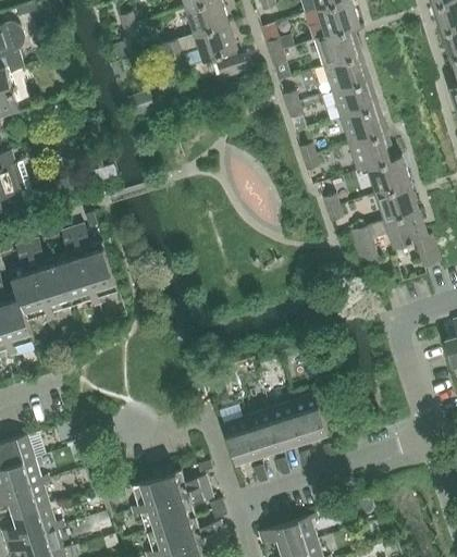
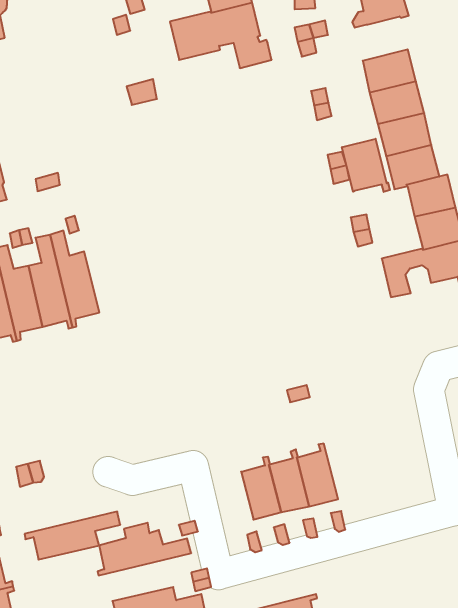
building: [316,26,361,65] -> none
building: none -> [342,139,390,192]
building: [223,409,259,462] -> none
building: [133,486,212,531] -> [25,512,120,560]

